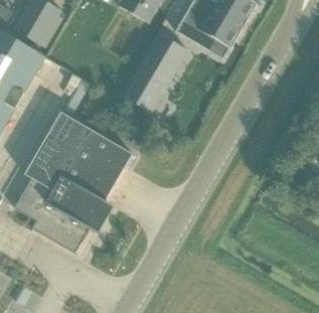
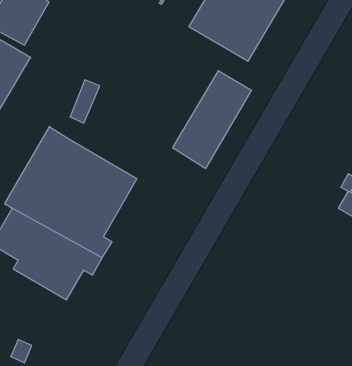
building: [123,33,187,113] -> [173,71,252,168]

